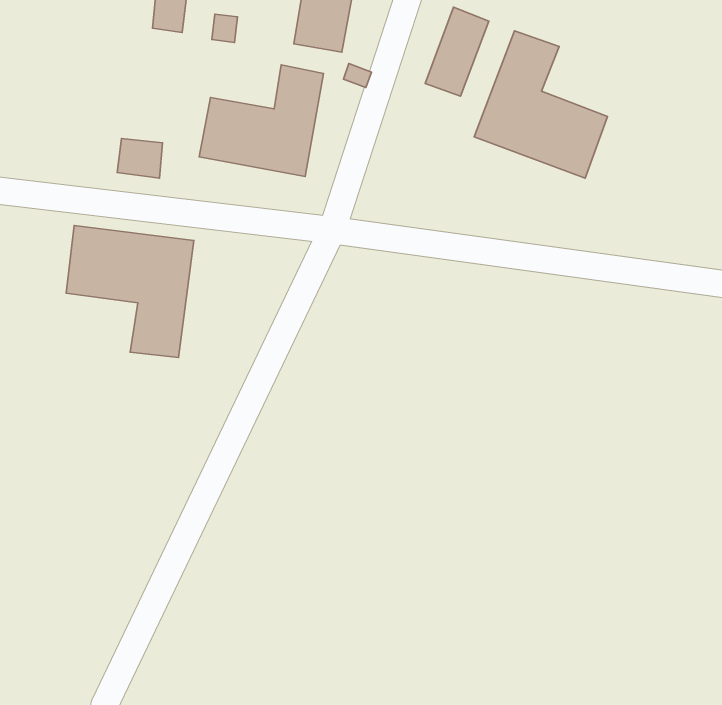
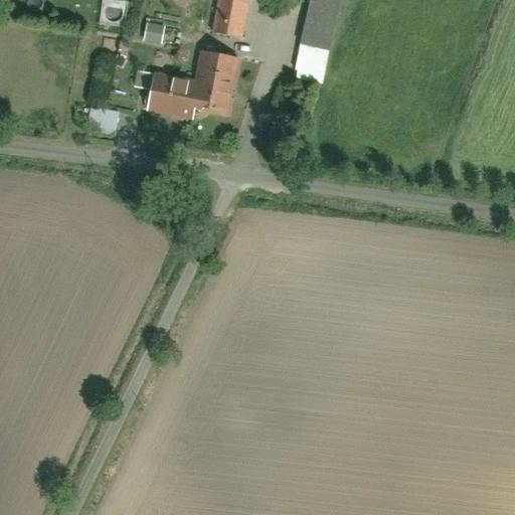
building: [474,31,608,178] -> none
building: [66,226,194,357] -> none

